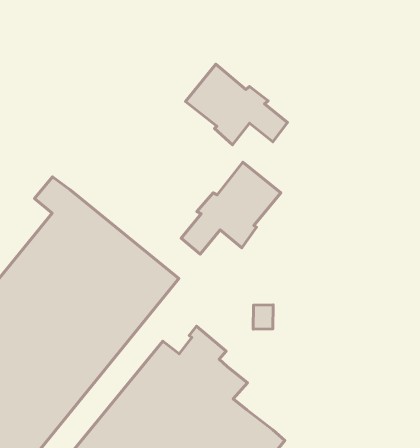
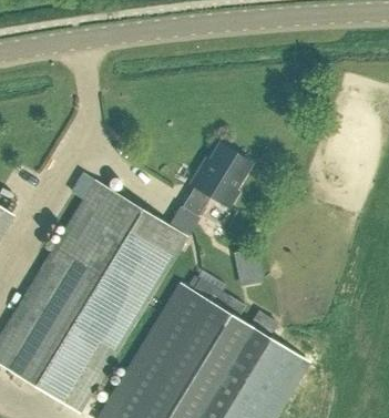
building: [185,64,288,145] -> none

